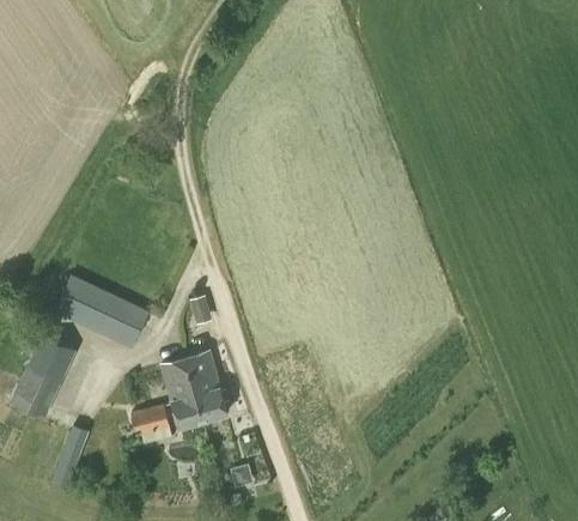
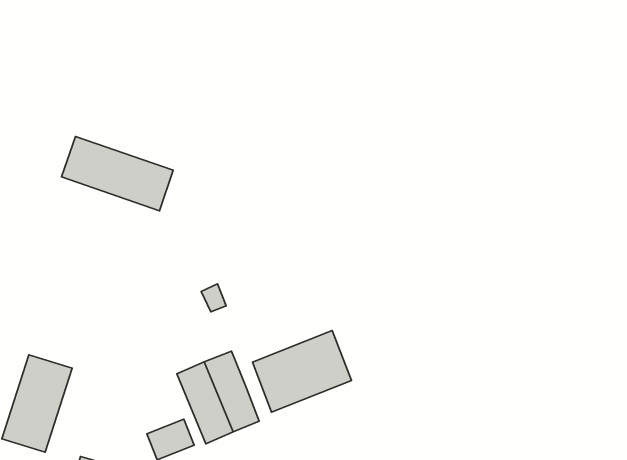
building: [54,275,147,346] -> [62,136,173,211]
building: none -> [252,331,351,412]

